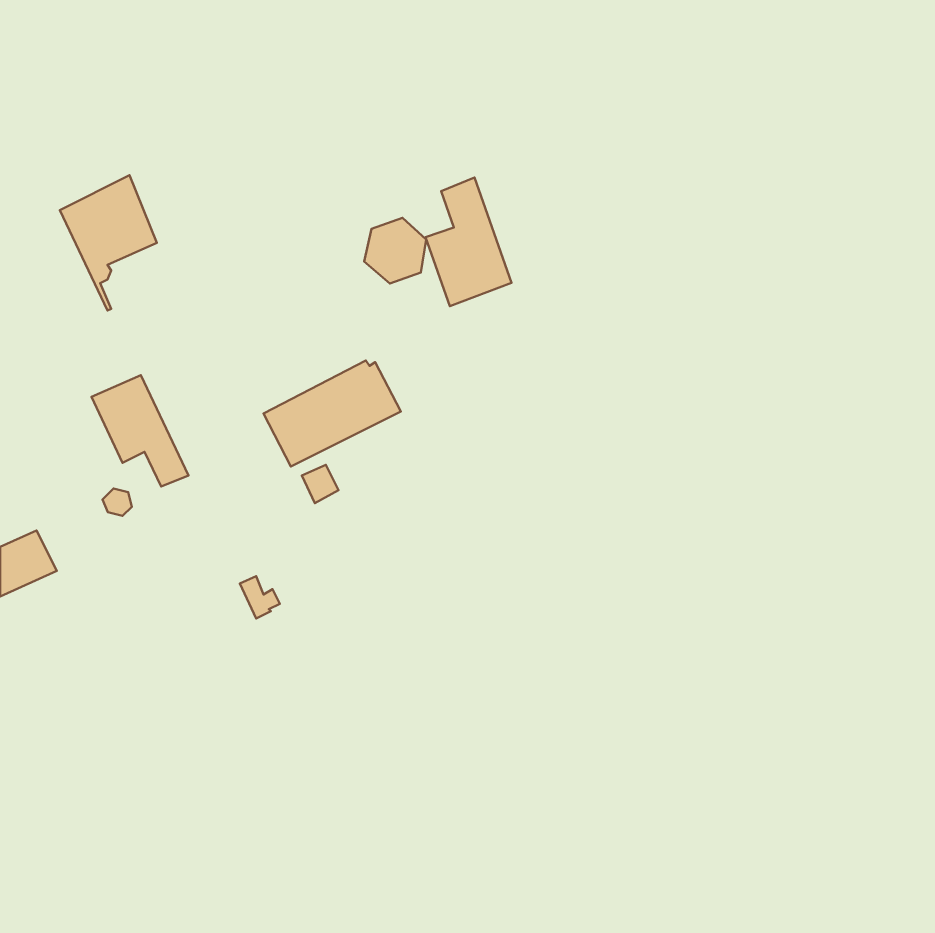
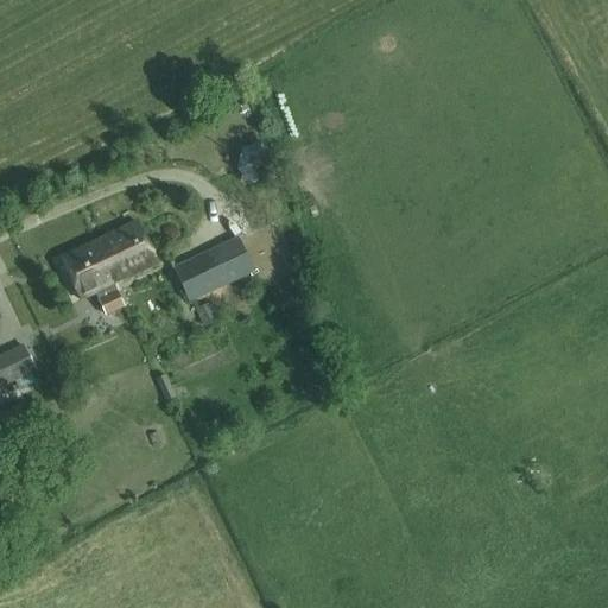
building: [60,175,157,311] -> [91,221,154,309]
building: [425,177,512,306] -> none

